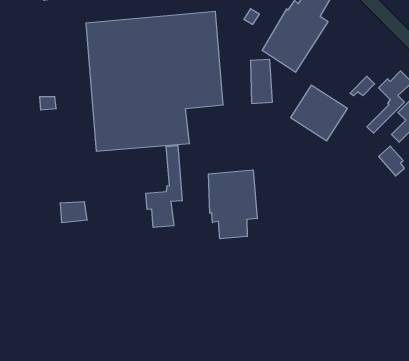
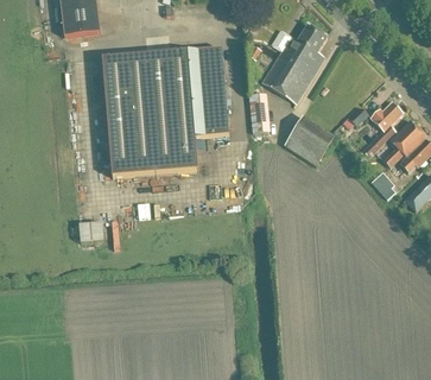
building: [146,145,182,227] -> none
building: [208,170,257,239] -> none

